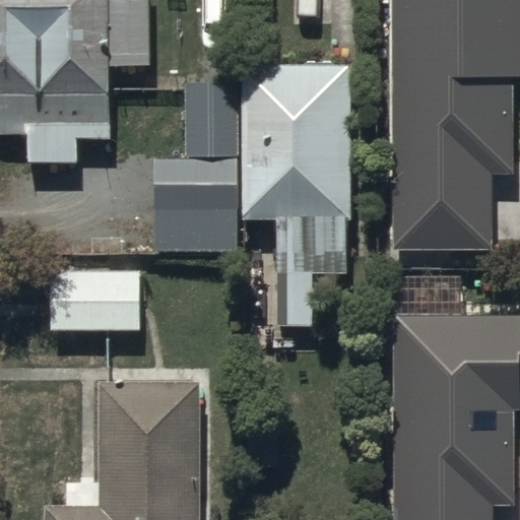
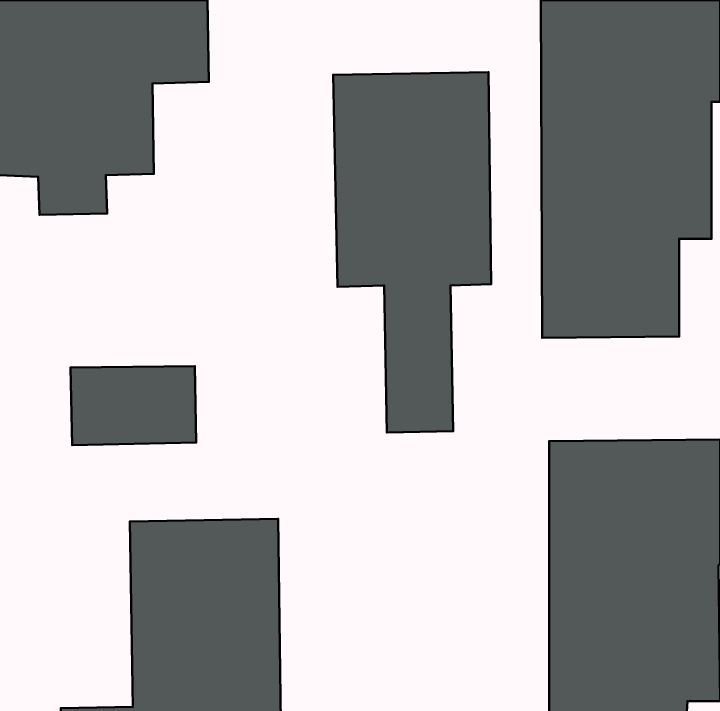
building: [157,85,231,247] -> none

